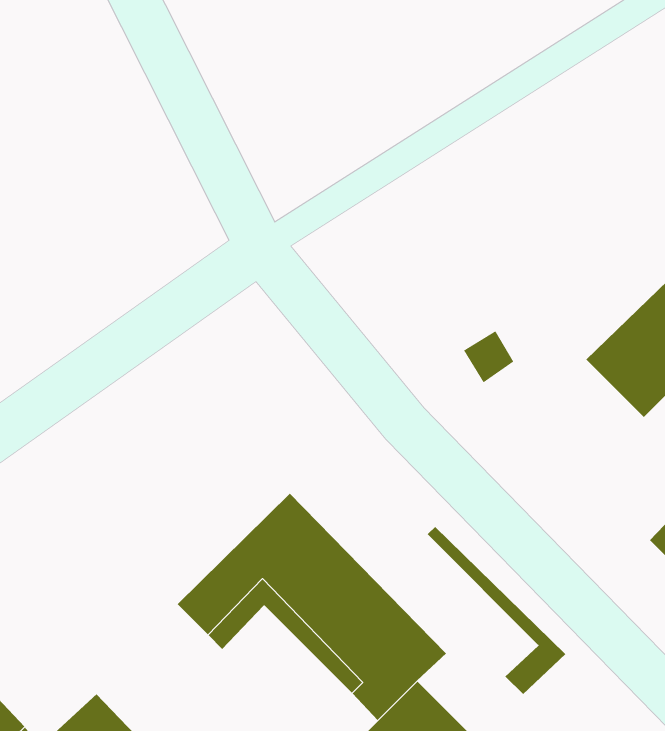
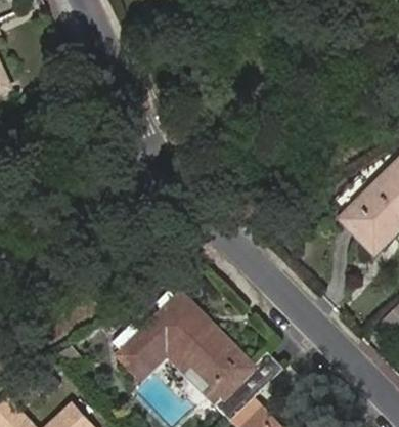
building: [427,526,566,695] -> none

